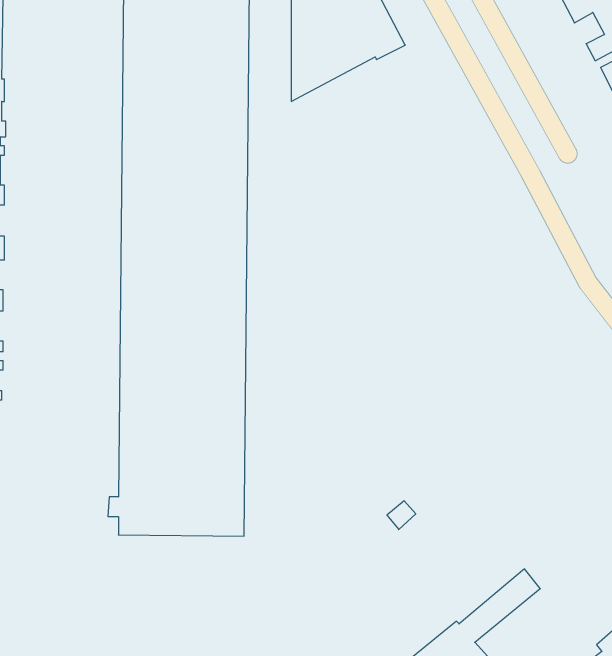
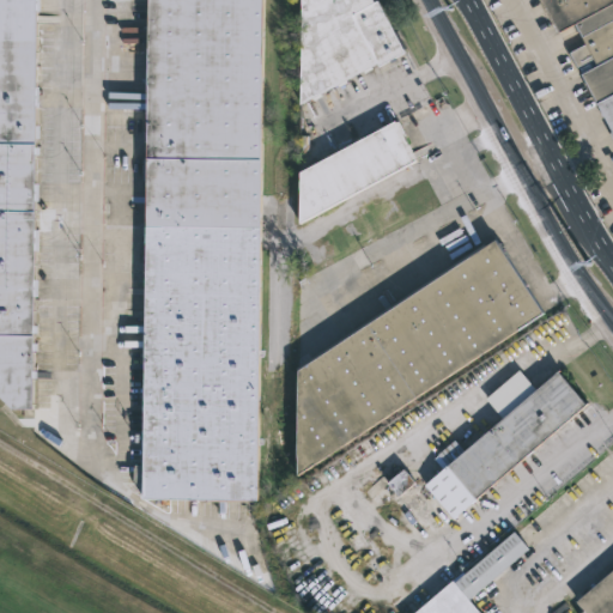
building: none -> [299,121,418,225]
building: none -> [297,239,545,478]
building: none -> [421,369,584,518]

